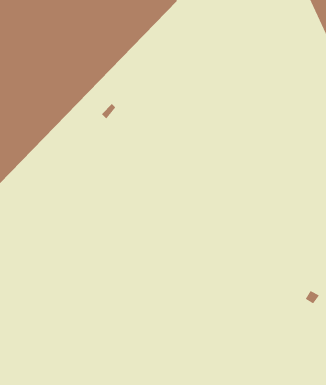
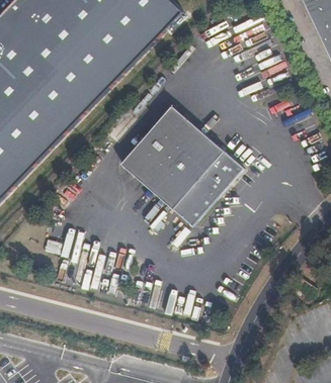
building: none -> [119,105,243,225]

